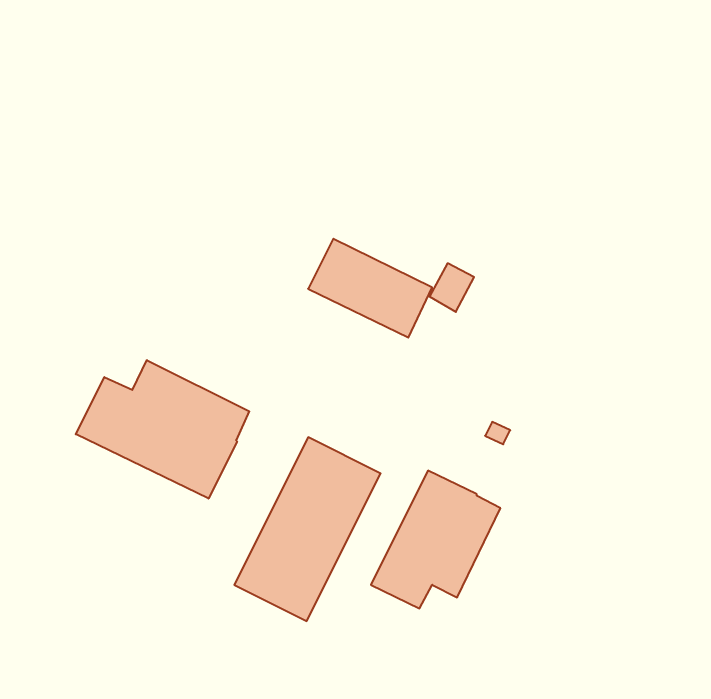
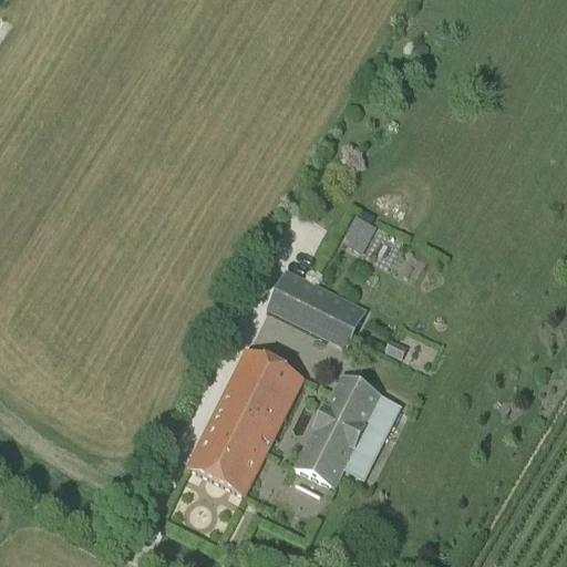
building: [308,239,432,338] -> [266,268,364,347]
building: [76,360,249,499] -> none

